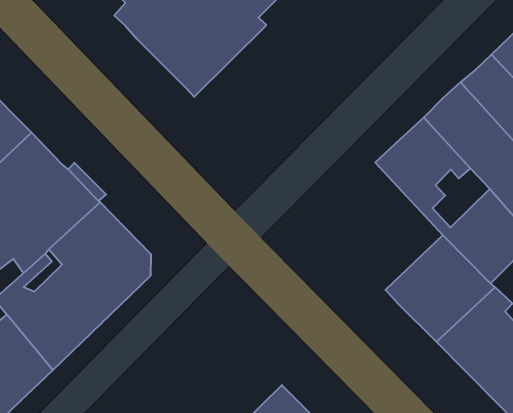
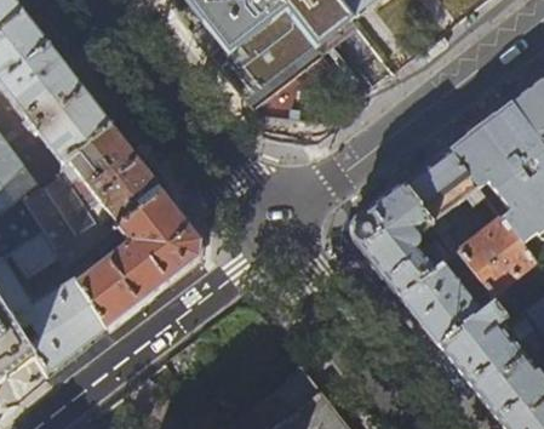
building: none -> [353,183,453,293]

